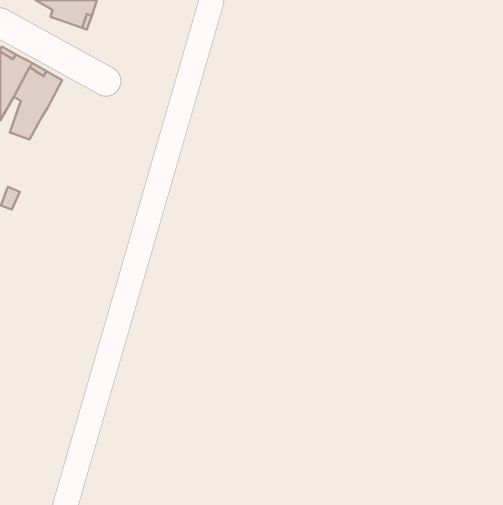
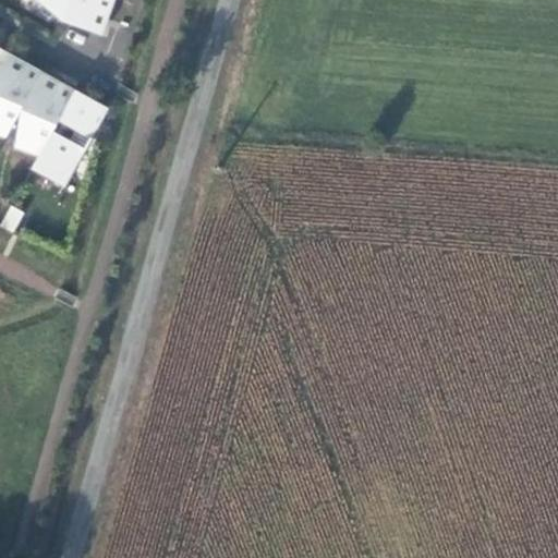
building: none -> [27,88,105,185]

